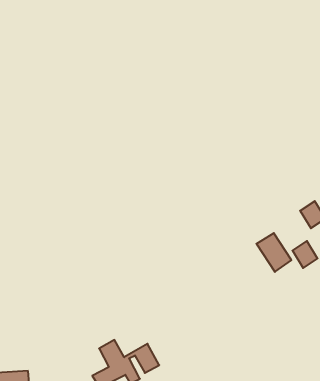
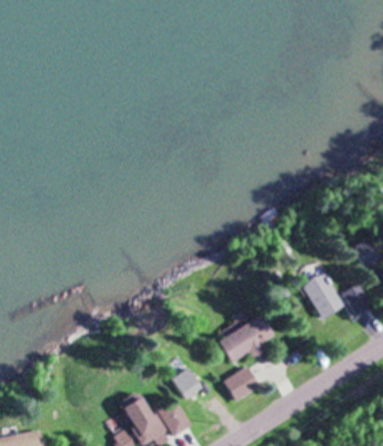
building: none -> [220,311,271,357]
building: none -> [223,367,259,402]
building: none -> [171,368,201,399]

